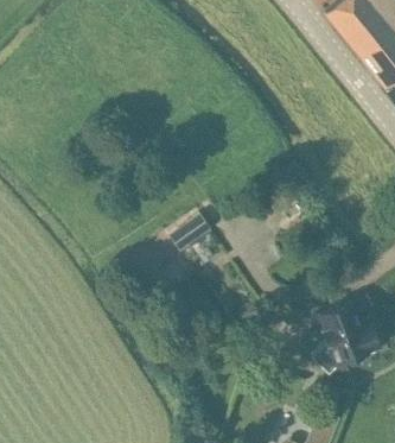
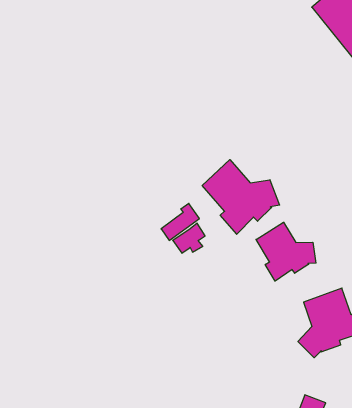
building: none -> [202,160,280,234]
building: none -> [256,222,316,281]

